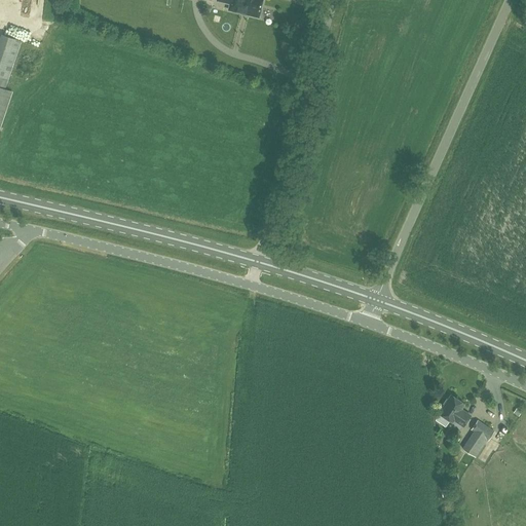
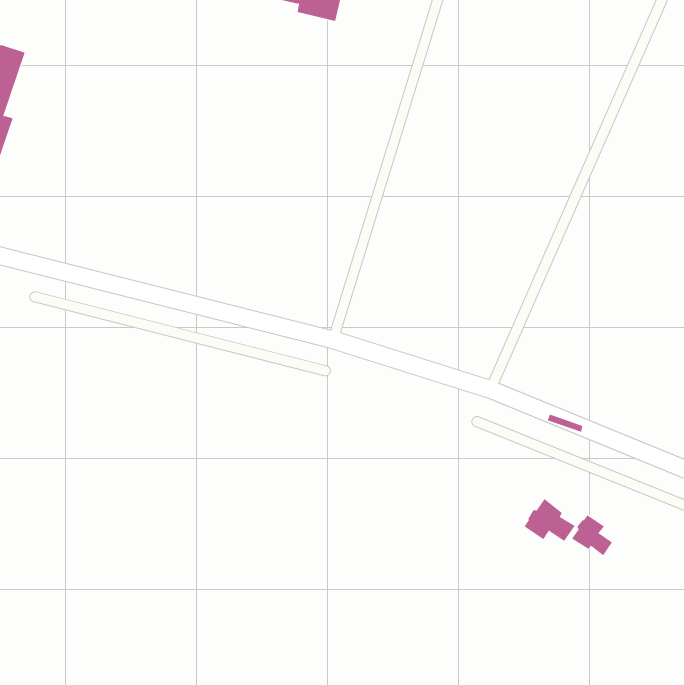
building: none -> [524,498,575,542]
building: [460,419,492,456] -> none

